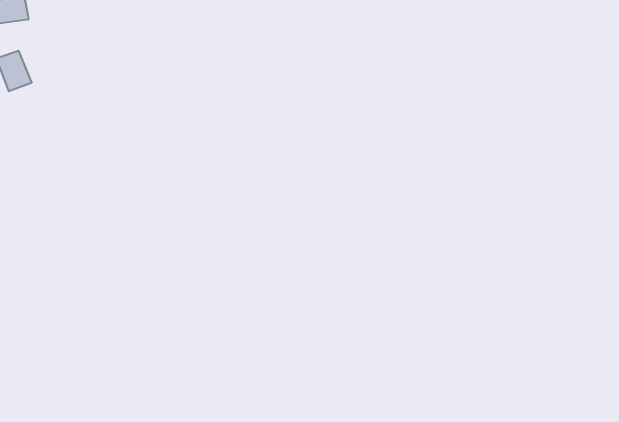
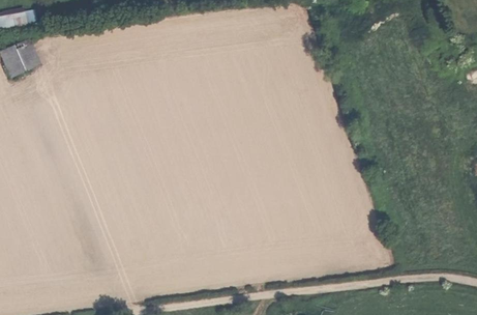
building: none -> [16,40,39,69]

